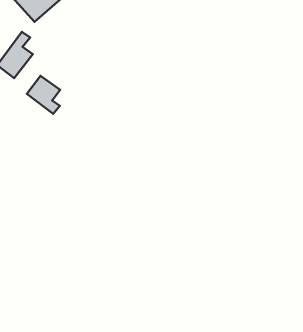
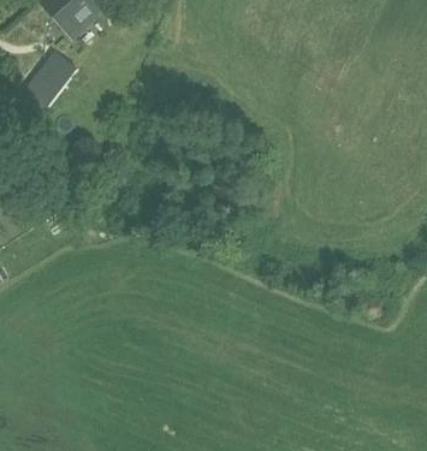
building: [27,76,60,114] -> none

